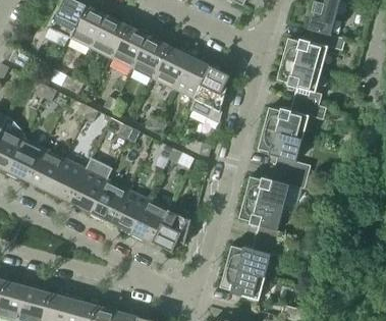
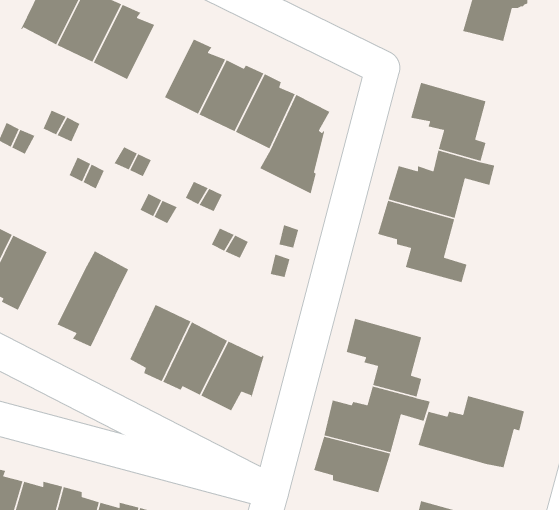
building: [110,24,149,67] -> none
building: [282,30,344,69] -> none
building: [46,158,85,201] -> none
building: [243,167,307,210] -> [417,395,525,468]
building: [89,178,126,221] -> none

